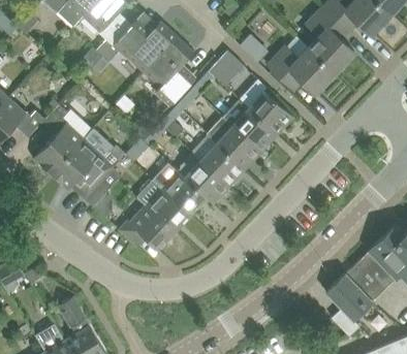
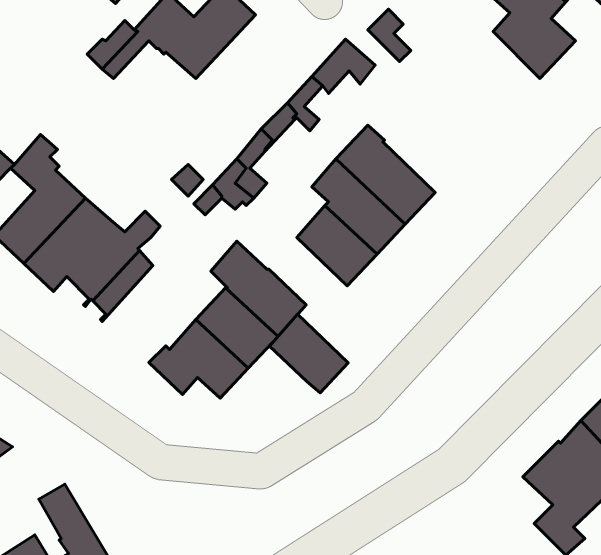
building: [145,38,194,104] -> none
building: [268,47,335,94] -> none
building: [248,91,293,136] -> none
building: [185,161,228,204] -> [270,314,348,393]

